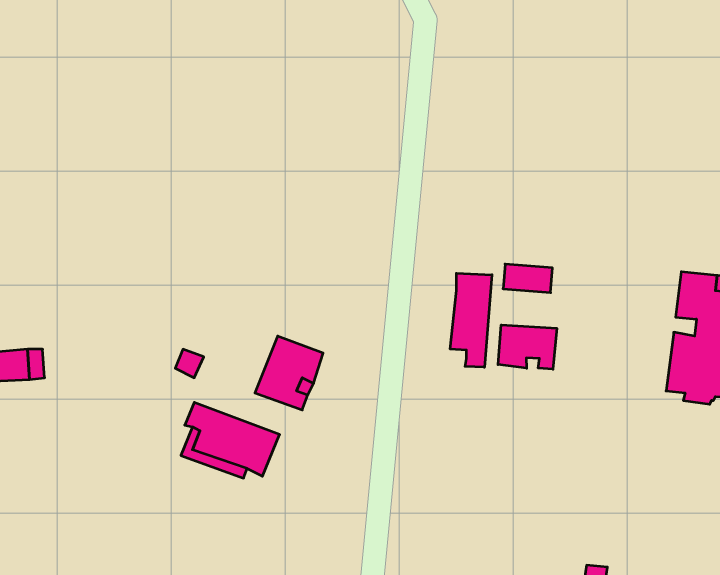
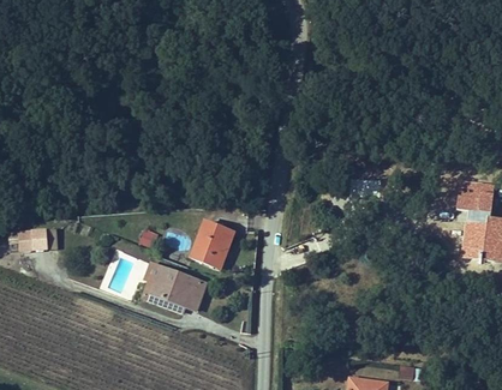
building: [450,273,492,367] -> none
building: [498,325,557,369] -> none

